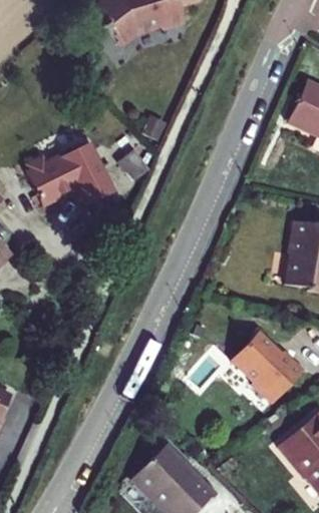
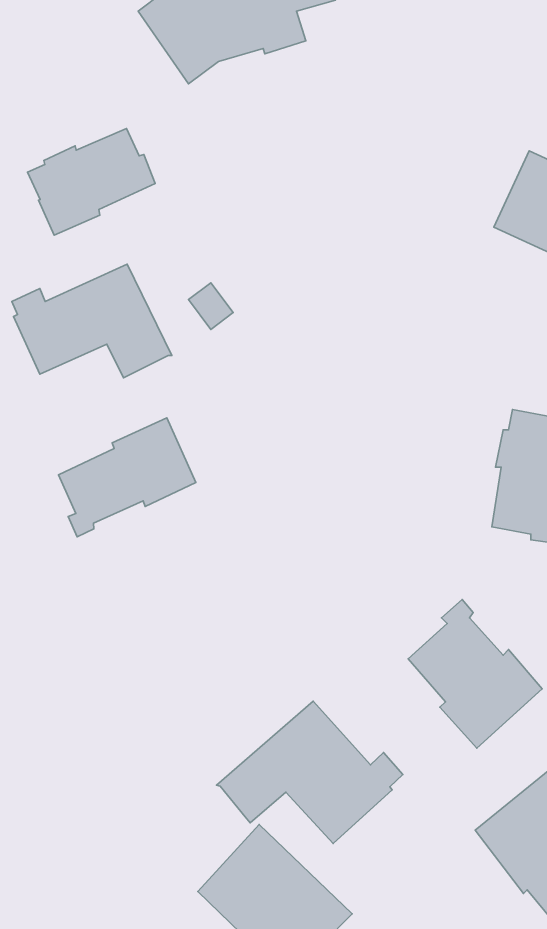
building: none -> [28,129,155,235]
building: none -> [58,418,196,537]
building: none -> [217,701,403,843]

